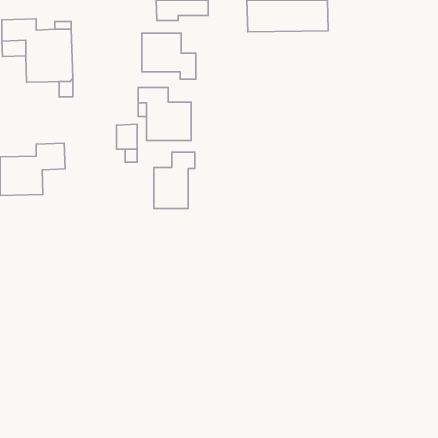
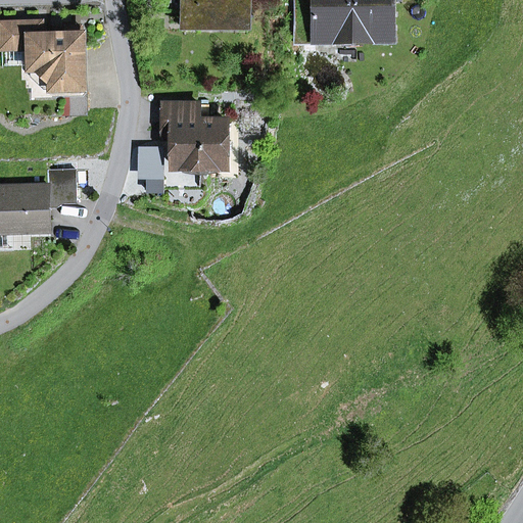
building: [142,33,196,79] -> none
building: [154,152,195,209] -> none

